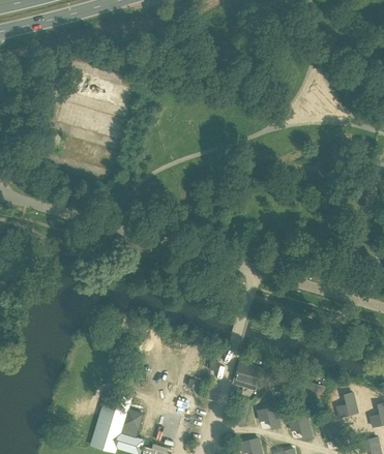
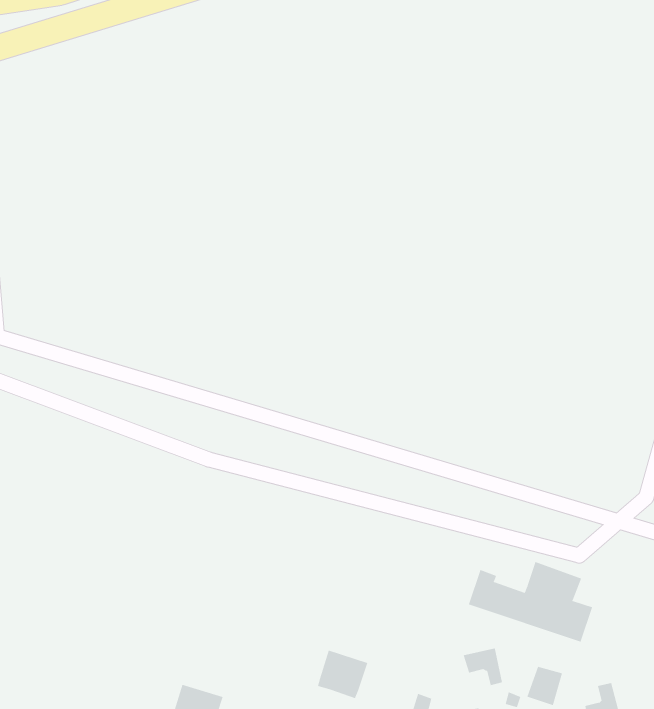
building: none -> [468,561,593,642]
building: [233,362,262,390] -> [317,650,368,699]

